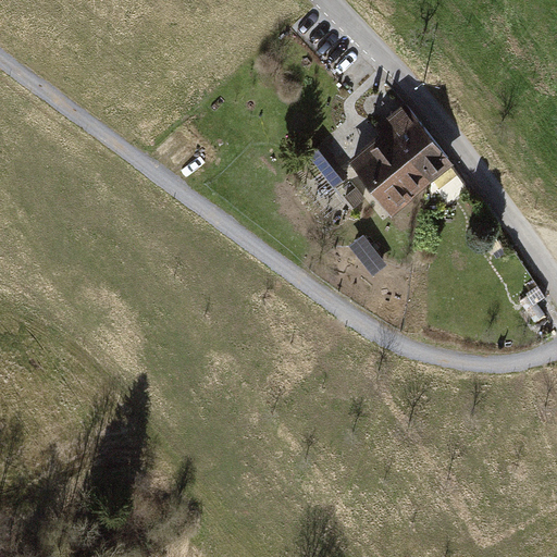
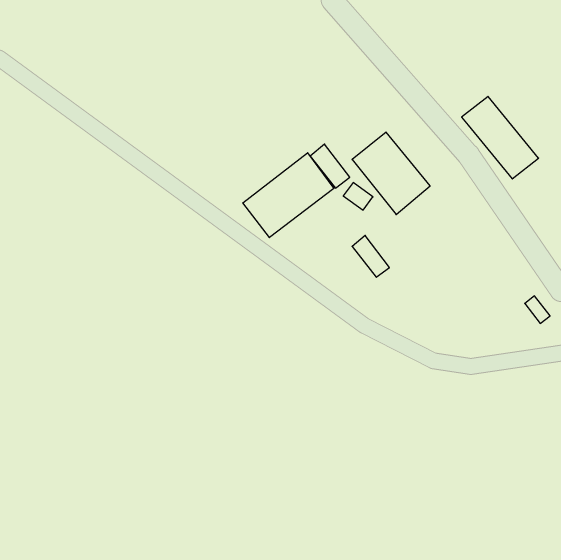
building: [375,104,451,186] -> [462,96,539,179]
building: none -> [243,153,334,238]

